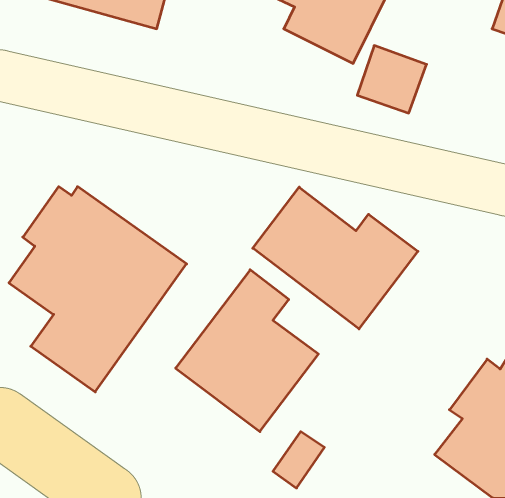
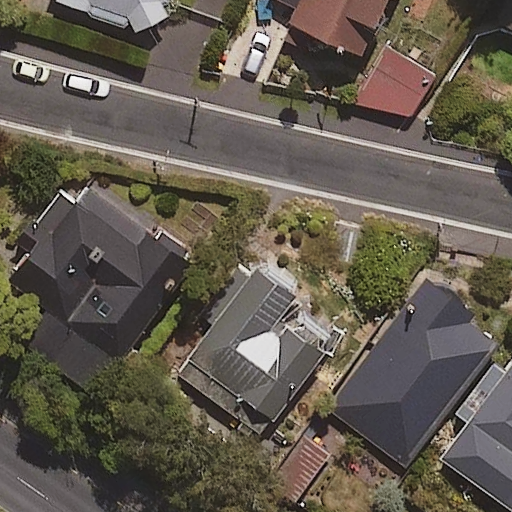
building: [253,187,418,329] -> none
building: none -> [327,274,496,464]

